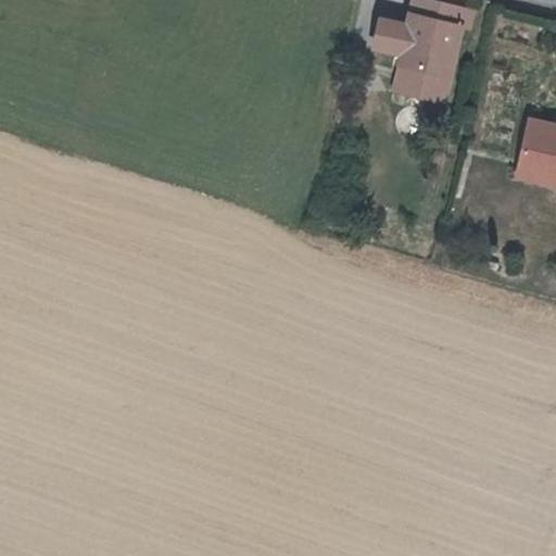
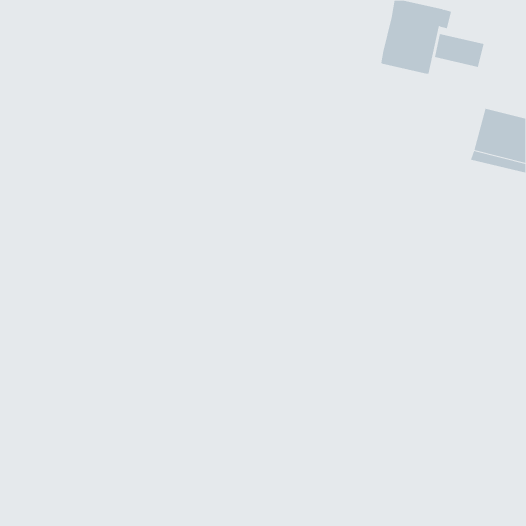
building: [376,14,412,55] -> none
building: [396,68,450,104] -> [434,33,485,67]

